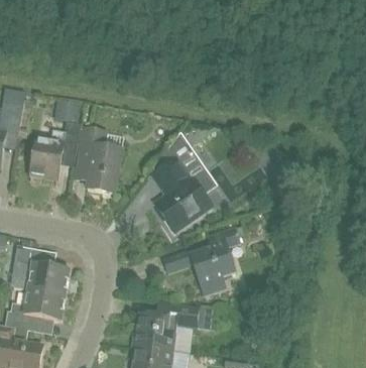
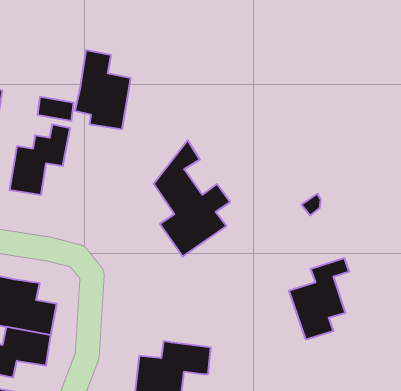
building: [76,127,122,193] -> [75,50,131,129]
building: [190,227,240,294] -> [289,258,349,339]

